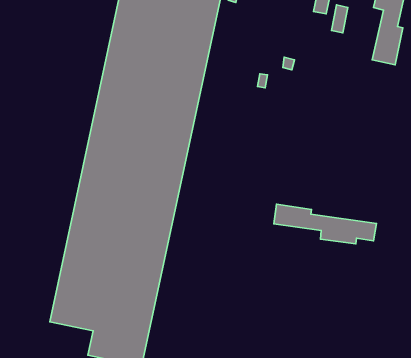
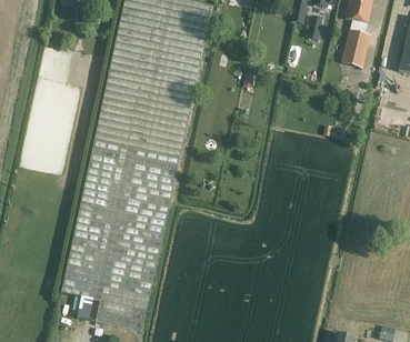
building: [274,204,376,244] -> none

